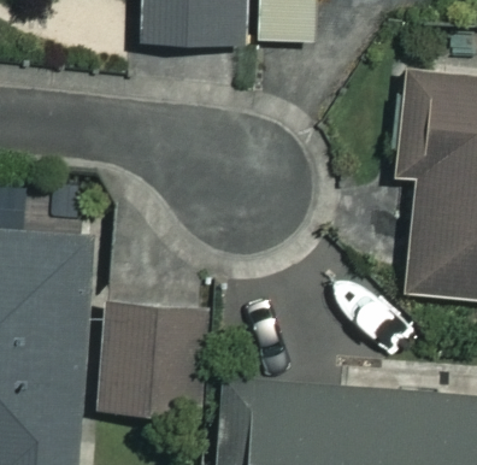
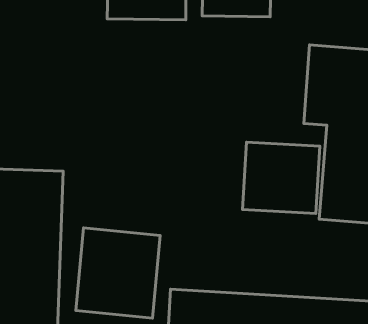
building: none -> [243,142,320,213]

